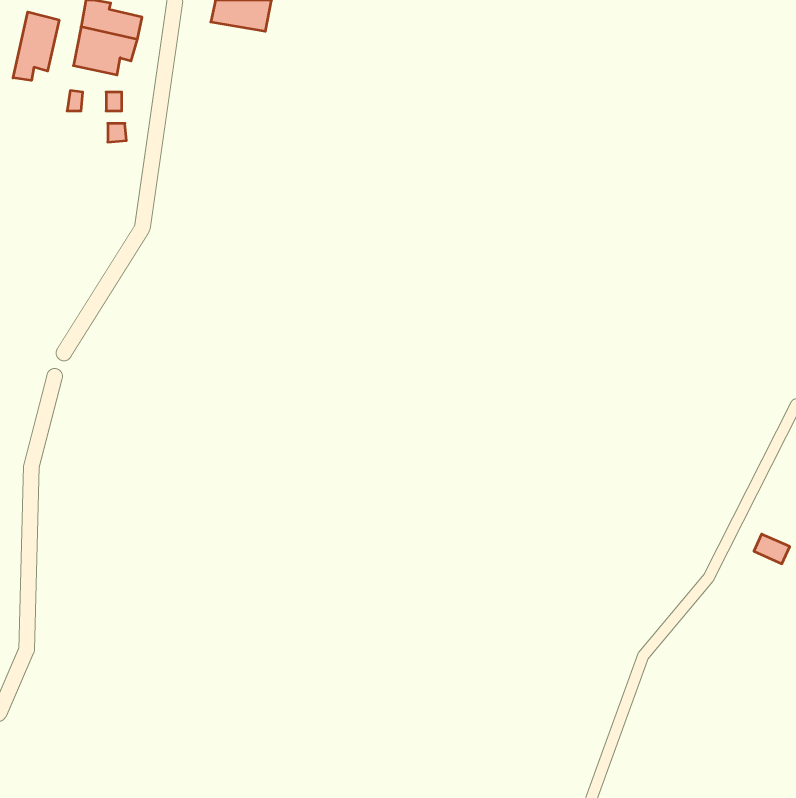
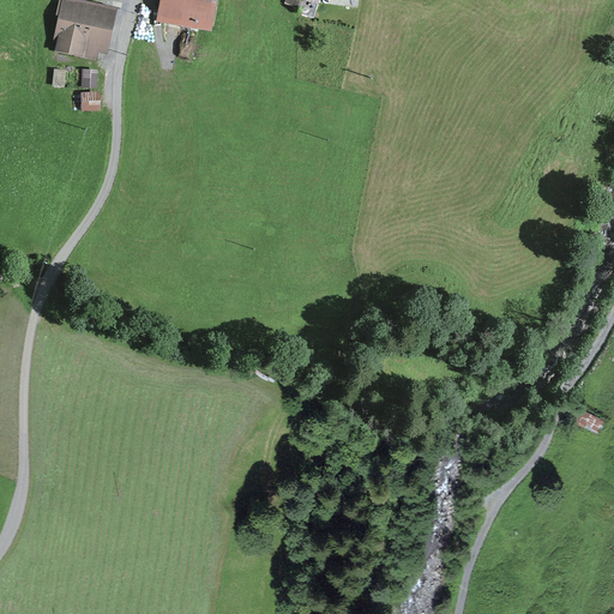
building: [13,12,59,80] -> none

